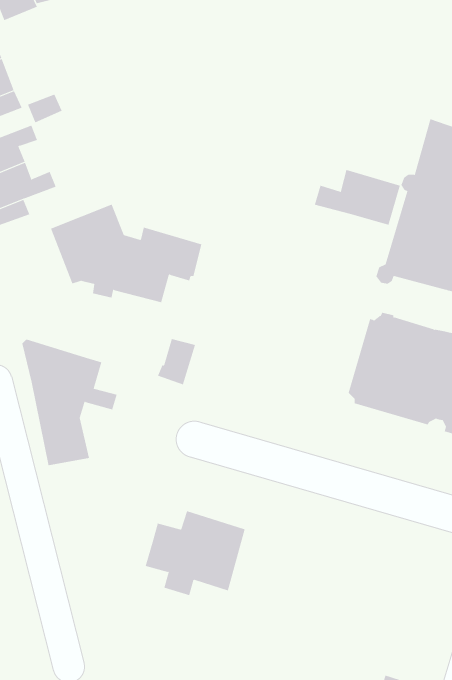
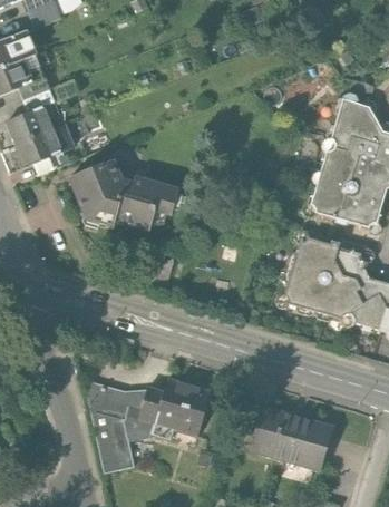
building: [314,169,400,225] -> none
building: [22,339,118,466] -> [85,383,154,475]
building: none -> [250,406,332,469]

